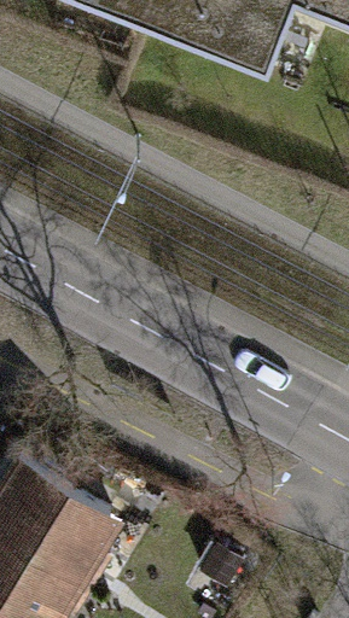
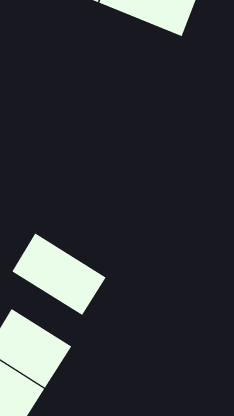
building: none -> [11,232,107,316]

